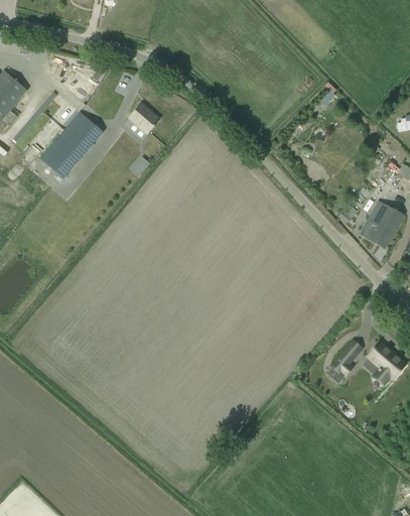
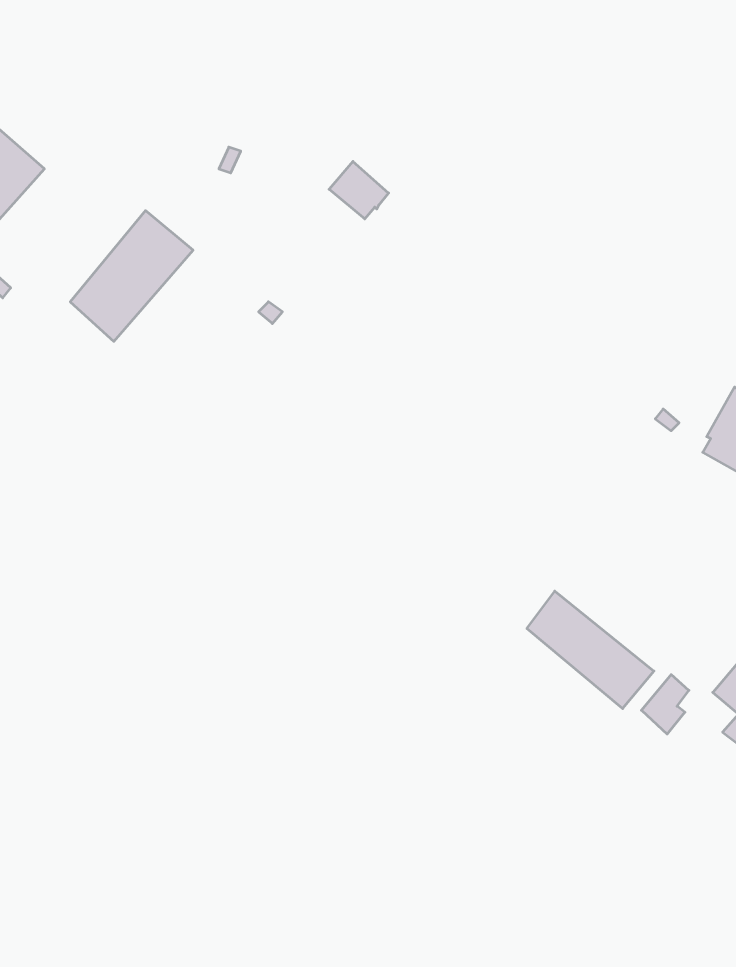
building: [129,104,159,133] -> [329,161,389,219]
building: none -> [527,591,654,709]

